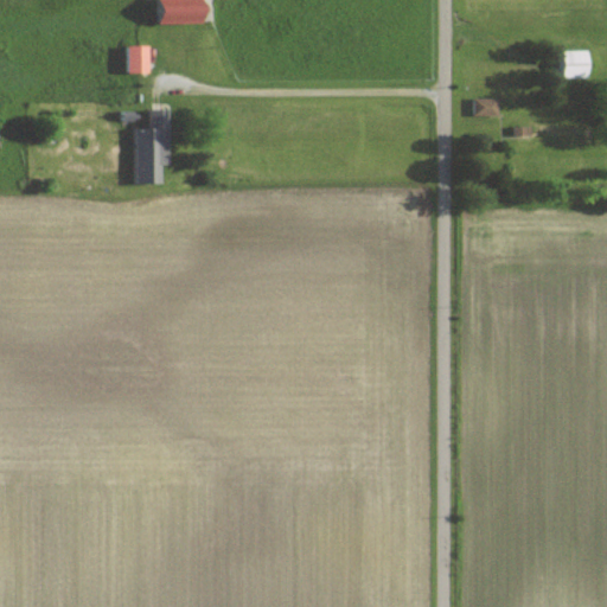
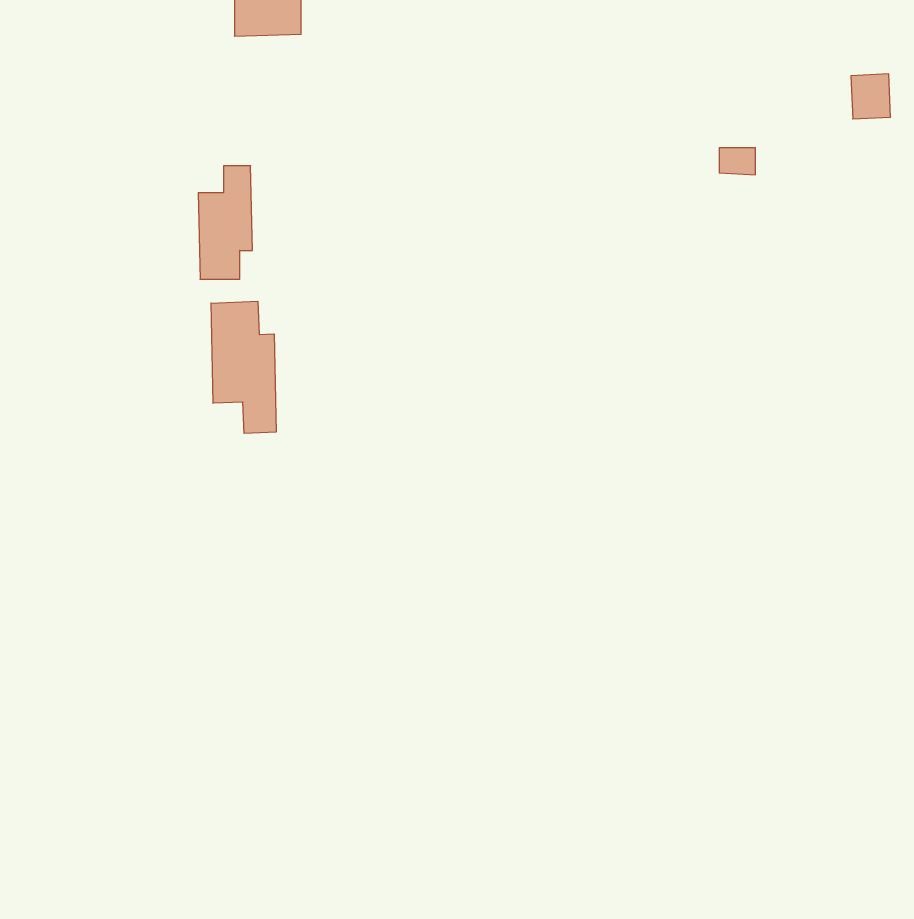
building: [129,45,151,72] -> none
building: none -> [211,301,276,433]

